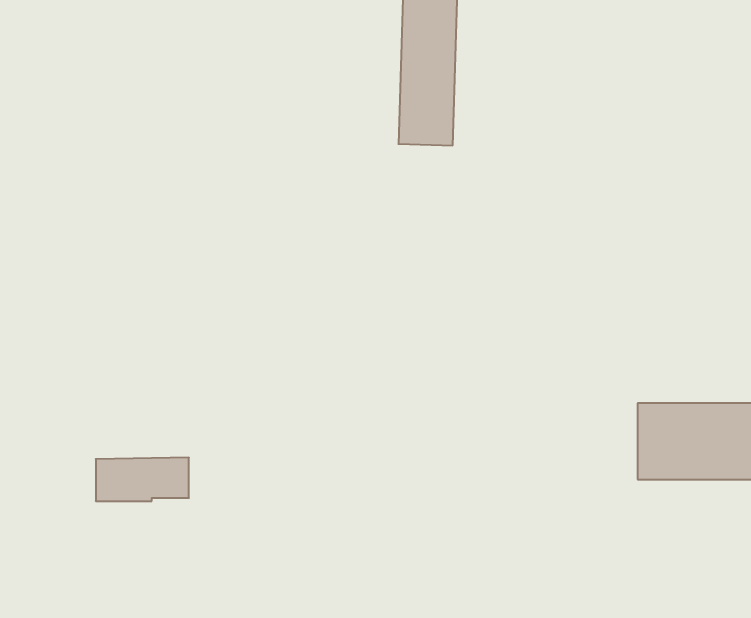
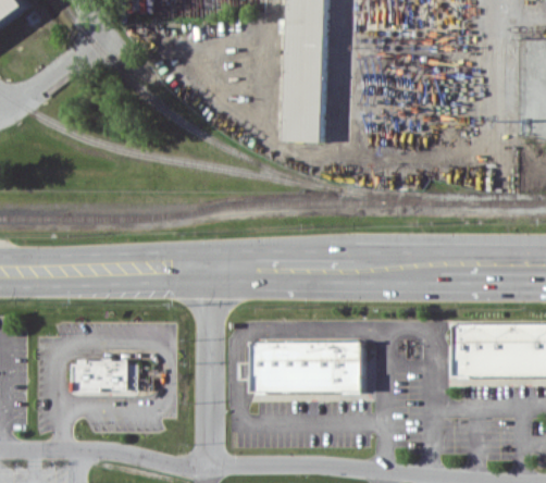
building: none -> [251,340,363,393]

